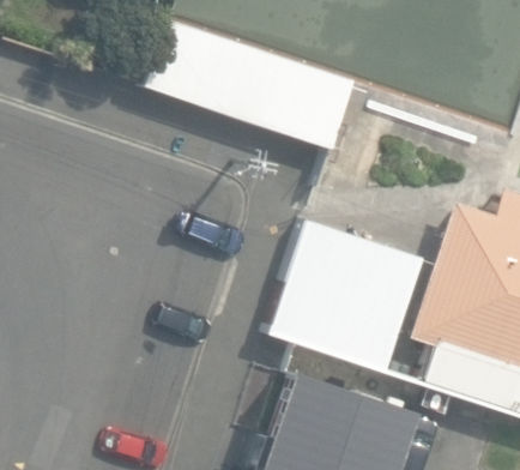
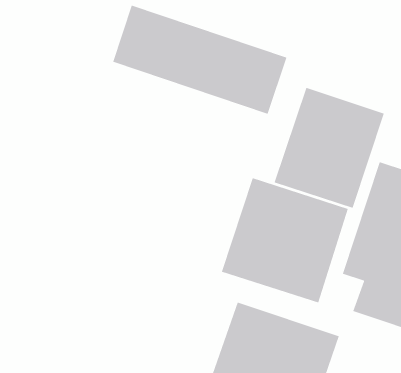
building: none -> [274,87,385,209]

